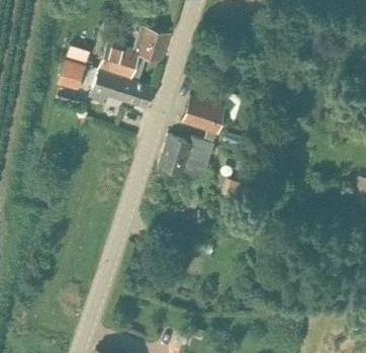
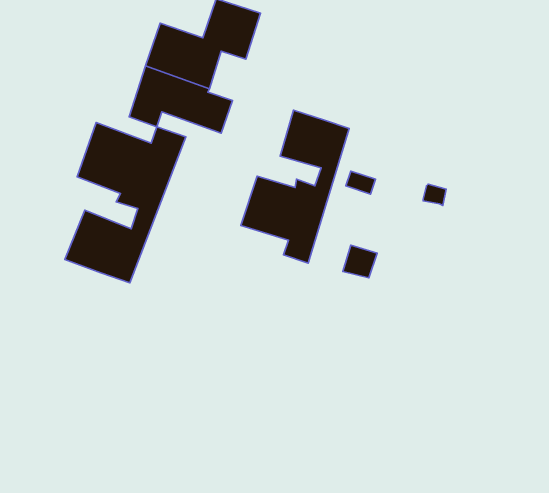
building: [57,60,85,90] -> none
building: none -> [65,122,186,283]

